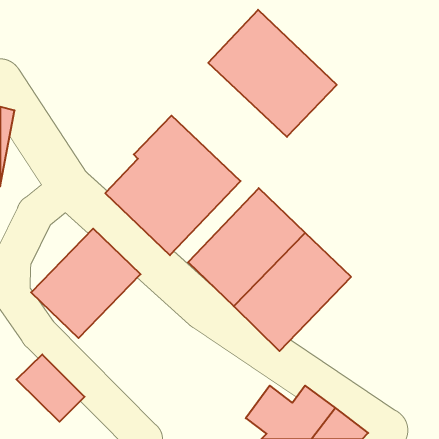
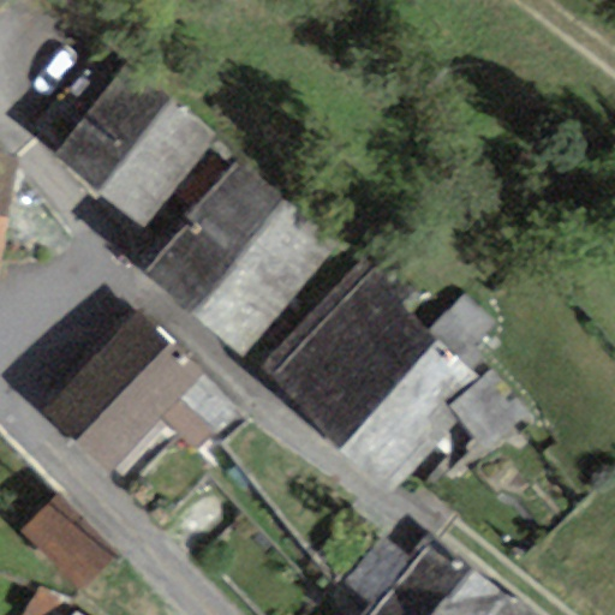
building: [208,10,337,137] -> none
building: none -> [56,76,208,225]

